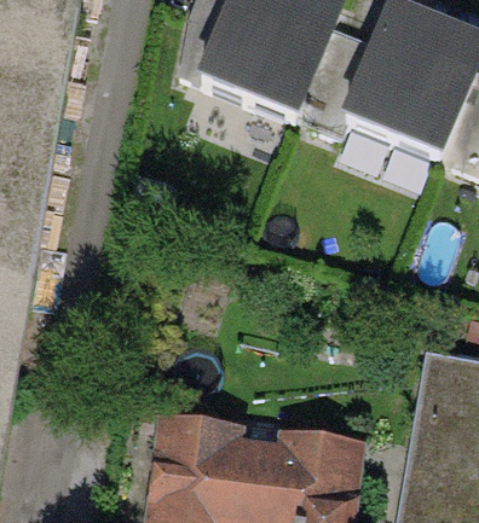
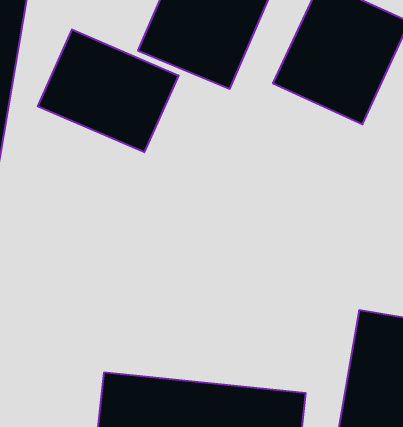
building: none -> [38,29,179,152]

